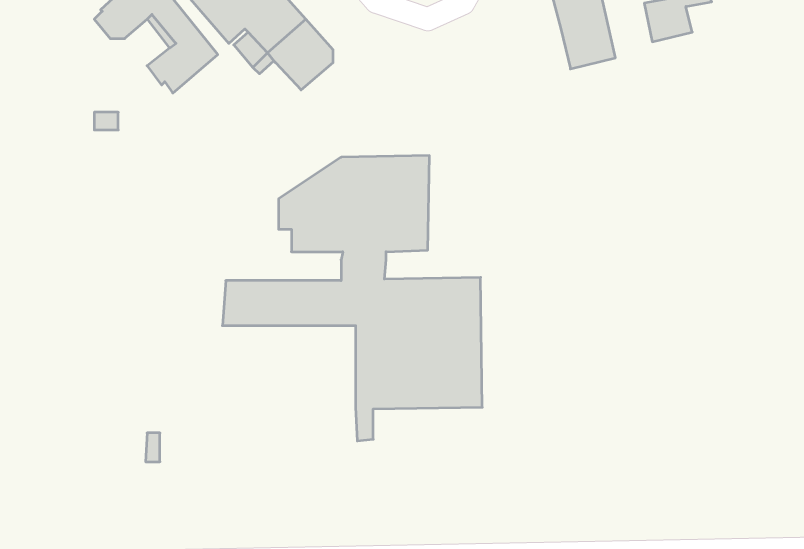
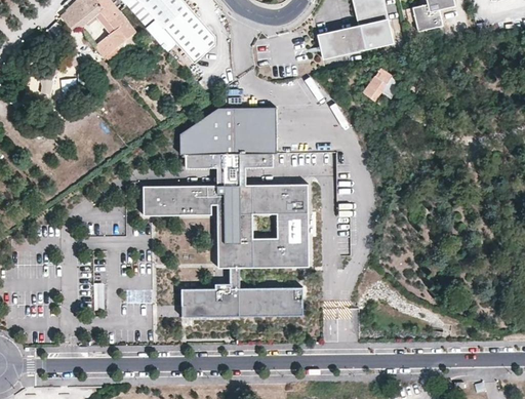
building: none -> [317,25,365,61]
building: none -> [363,70,391,104]
building: none -> [180,286,299,316]

